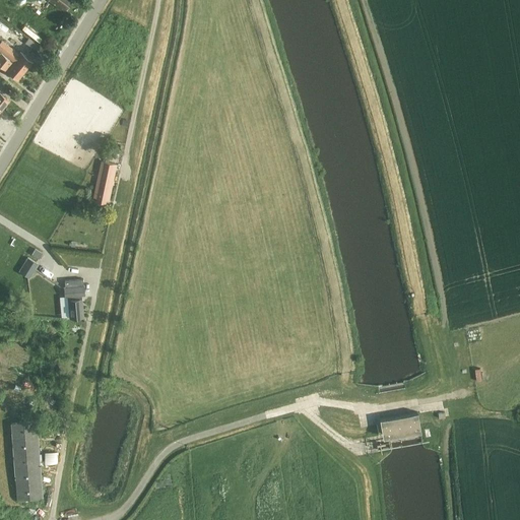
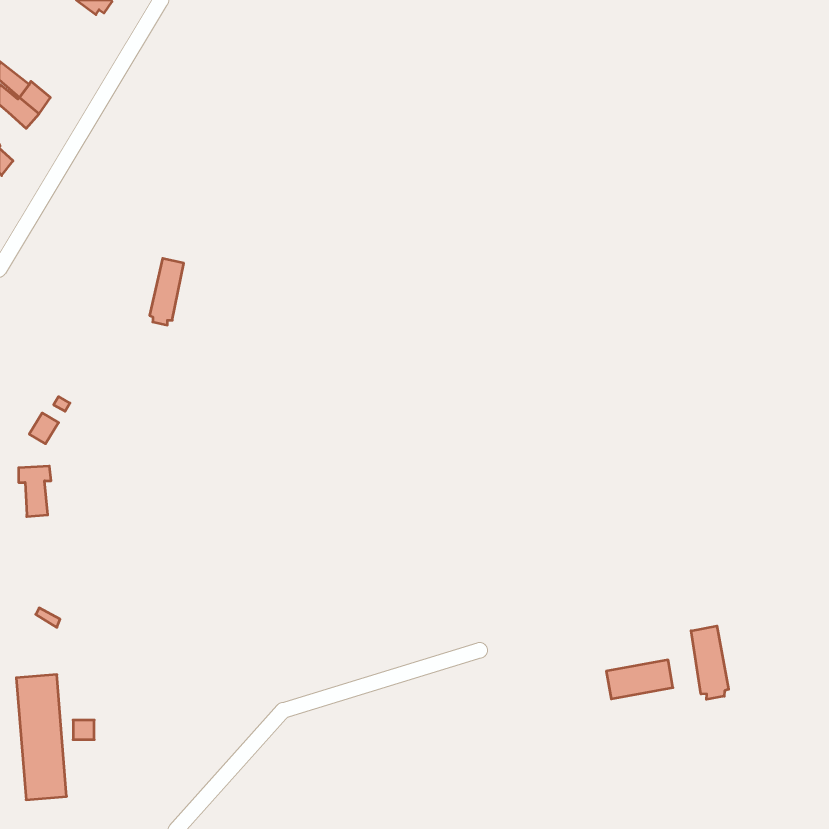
building: [64,286,84,318] -> [19,466,51,517]
building: none -> [691,626,729,699]

